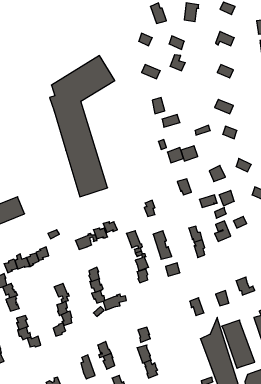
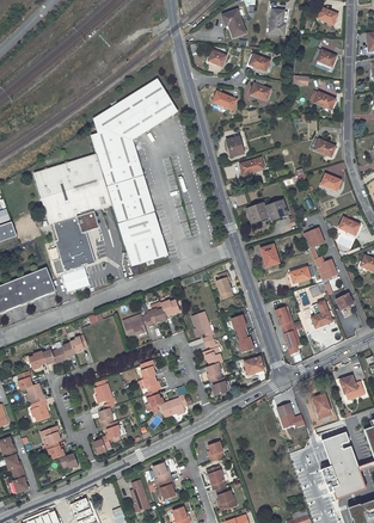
building: none -> [32,153,111,271]

